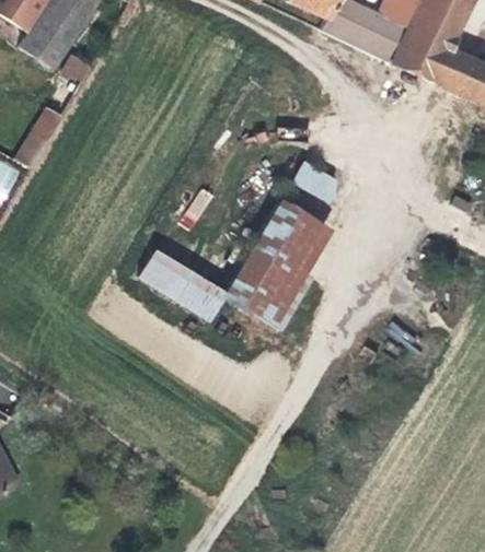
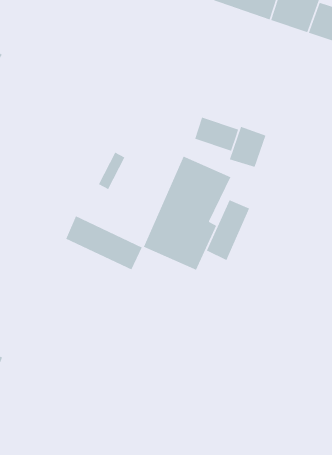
building: none -> [229,126,267,168]
building: none -> [206,199,250,261]

